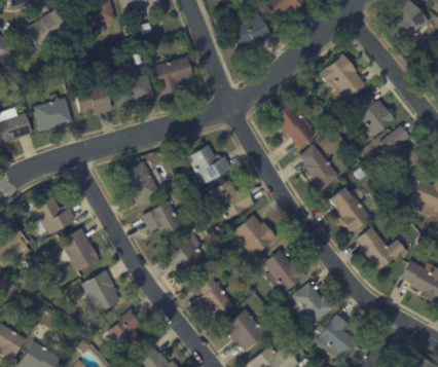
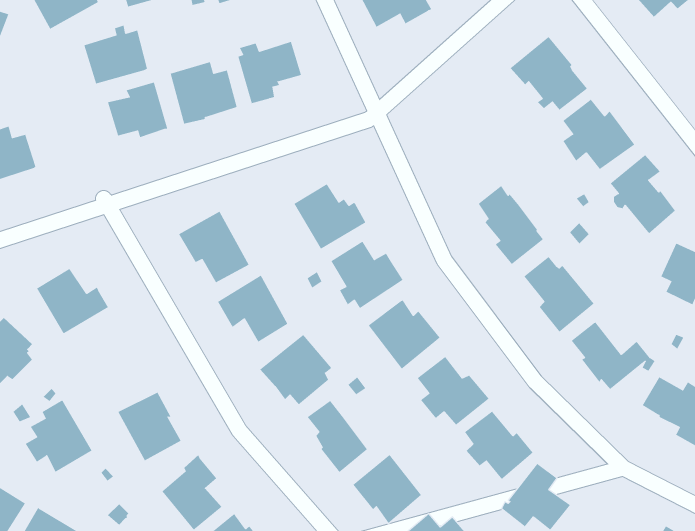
building: [33,96,72,132] -> [84,25,148,84]
building: [271,103,318,149] -> none
building: [59,227,100,271] -> [25,400,92,473]

